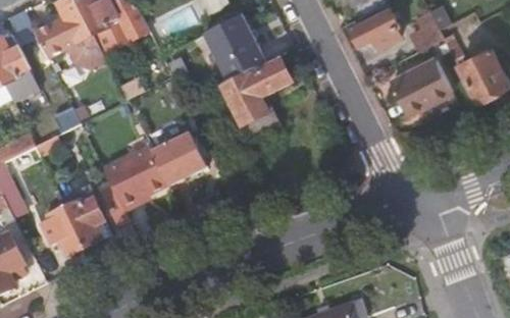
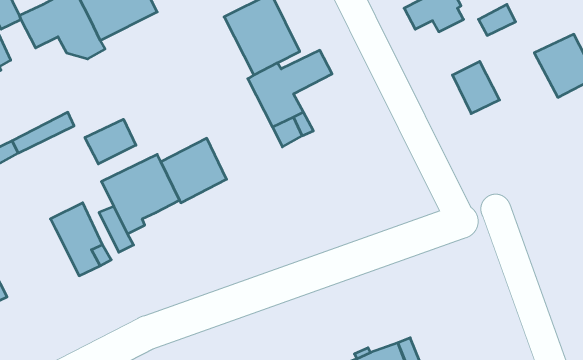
building: [413,59,452,102] -> none
building: none -> [85,119,136,164]
building: [40,208,84,256] -> none

